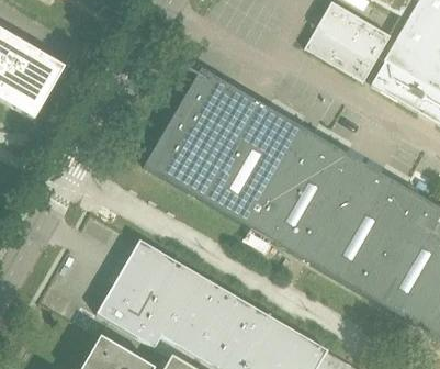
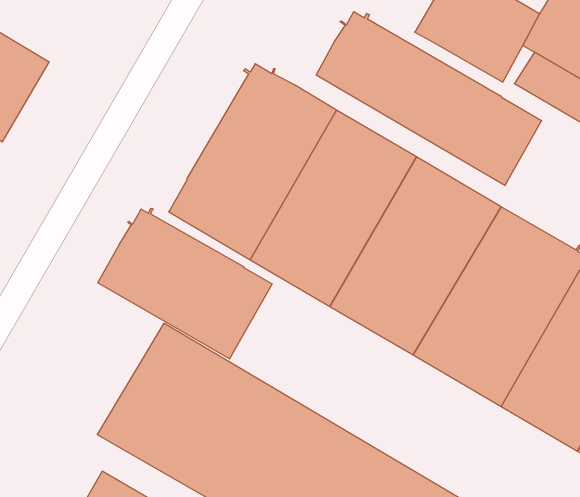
building: none -> [316,12,542,186]
building: none -> [98,208,272,359]

